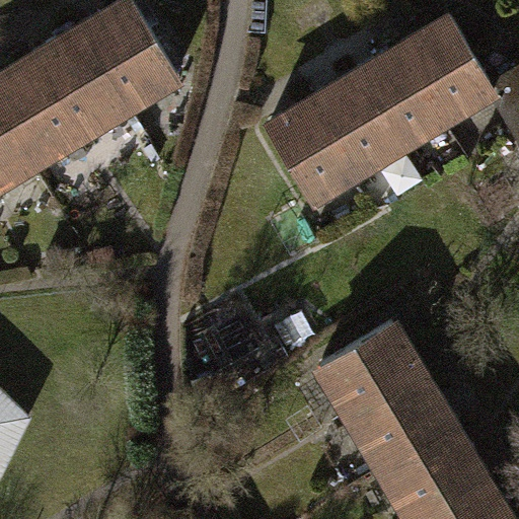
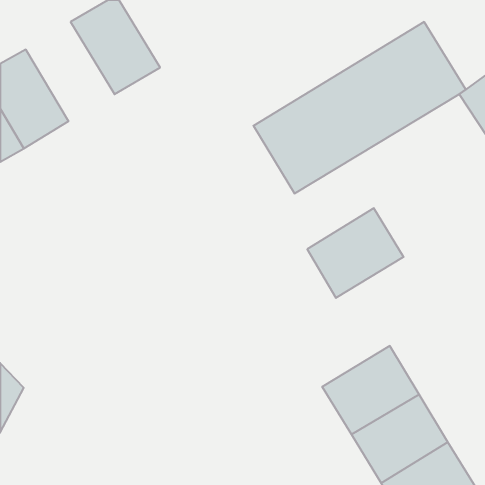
building: [29,25,124,131] -> none
building: [314,318,417,414] -> [307,208,404,298]

